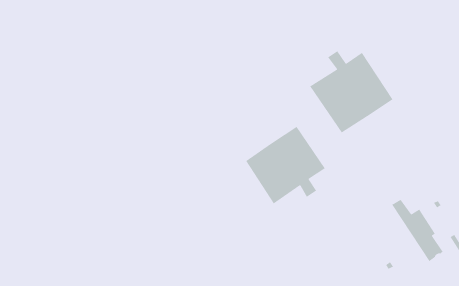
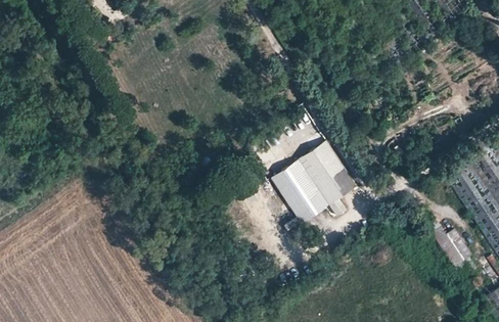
building: [309,50,394,133] -> none

